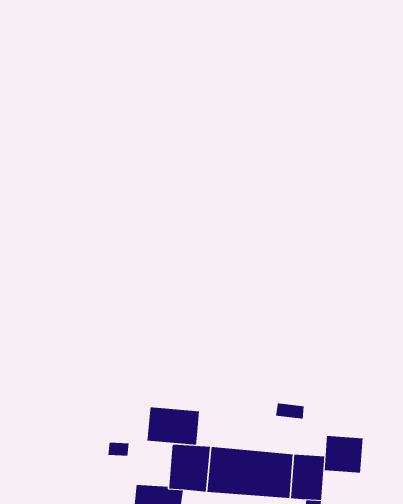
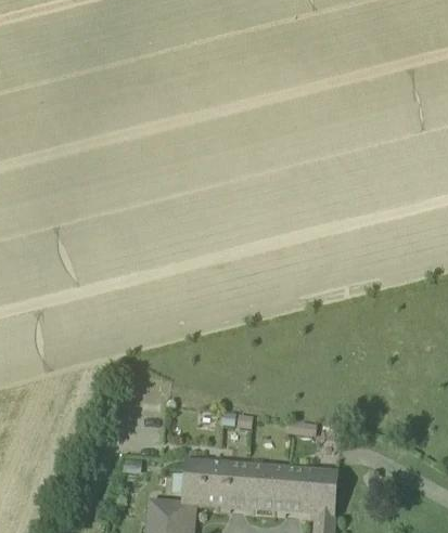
building: [147,407,200,446] -> none
building: [324,435,363,474] -> none

